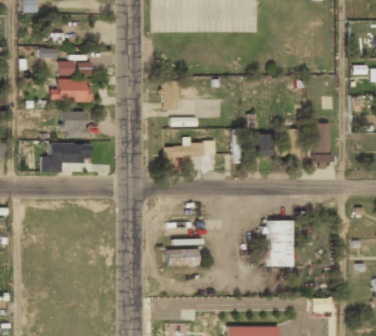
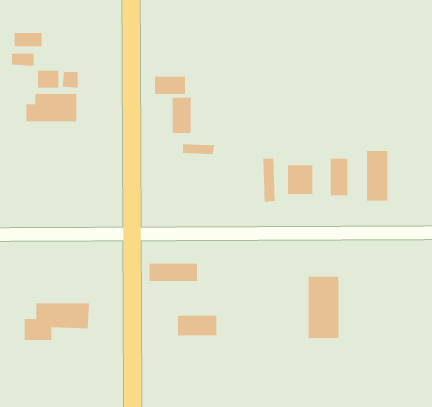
building: none -> [155,76,185,95]
building: [63,110,87,130] -> none
building: [41,144,92,173] -> [24,303,90,340]
building: [165,144,203,158] -> [149,263,198,281]

